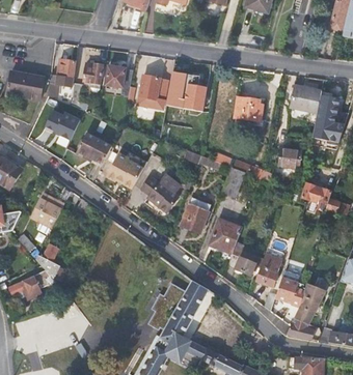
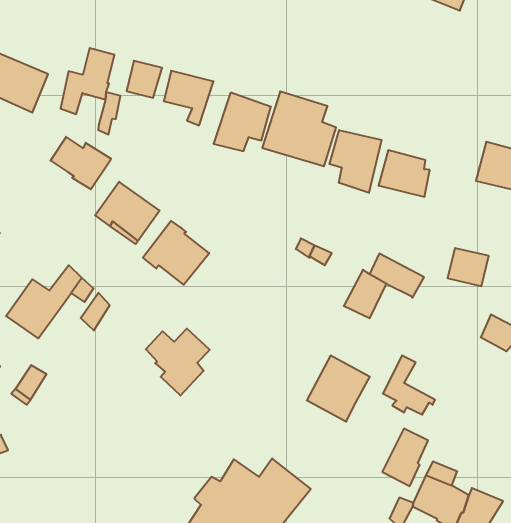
building: none -> [329,130,382,193]
building: [142,175,179,213] -> [146,329,210,396]
building: [181,196,211,233] -> none
building: [227,242,257,275] -> [383,355,435,415]

